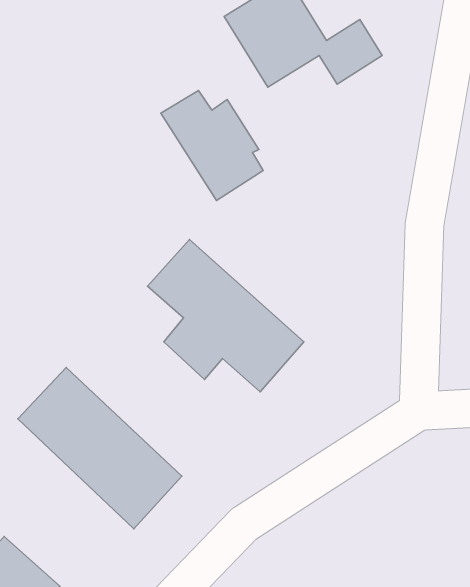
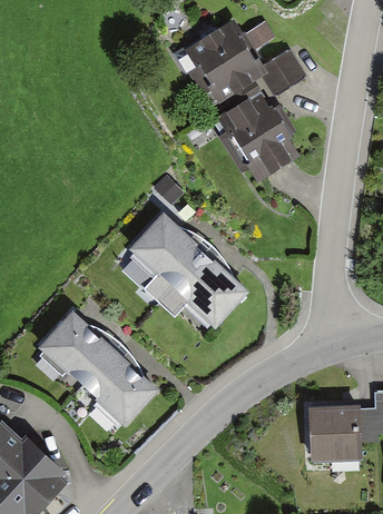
building: [161,91,263,201] -> [217,99,293,180]
building: none -> [312,404,360,461]

